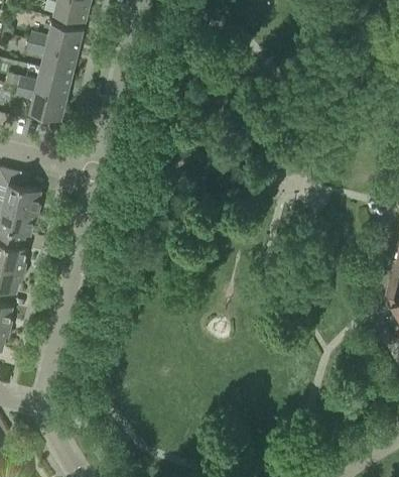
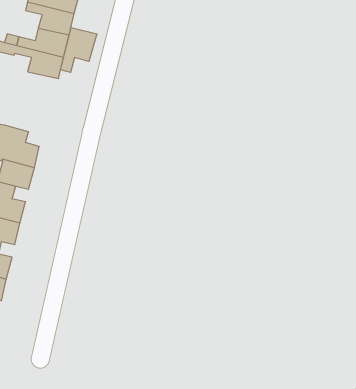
building: none -> [61,28,97,72]

